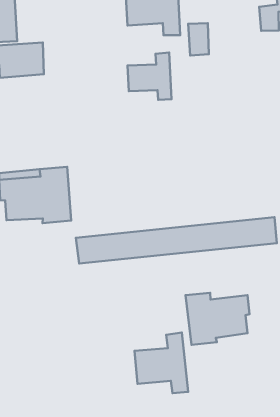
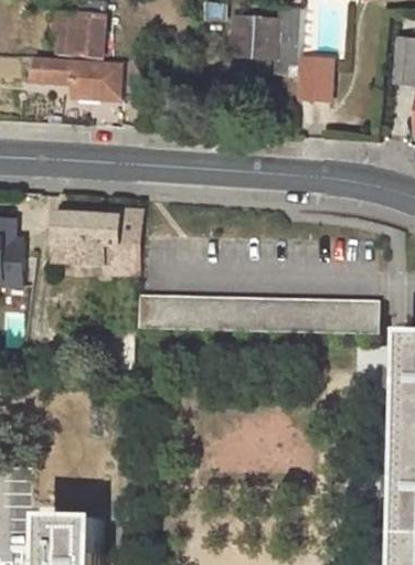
building: [127,53,172,100] -> none
building: [186,293,250,345] -> none
building: [134,332,188,393] -> none

